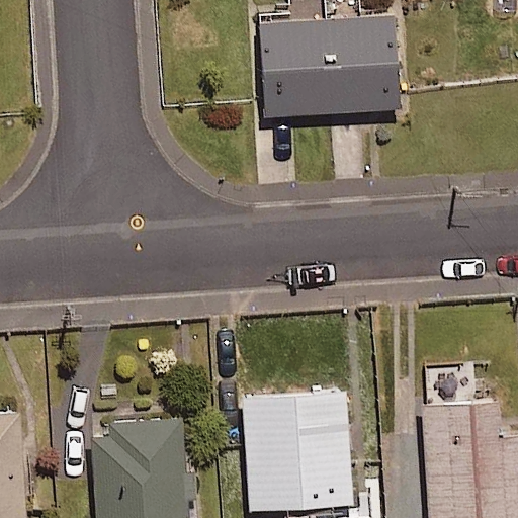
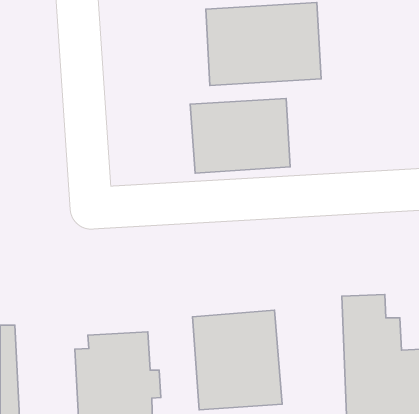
building: none -> [190,98,290,173]

